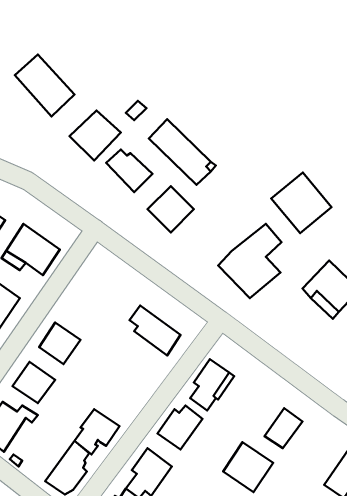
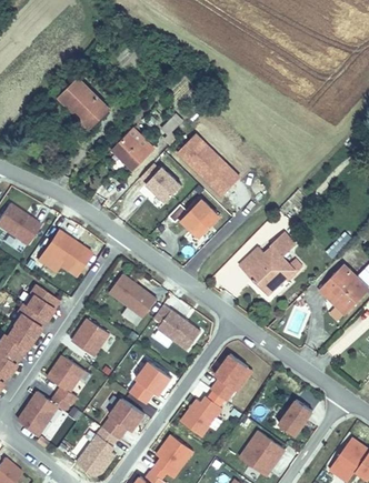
building: [271,173,332,233] -> none
building: none -> [110,276,157,319]
building: none -> [130,363,171,404]

